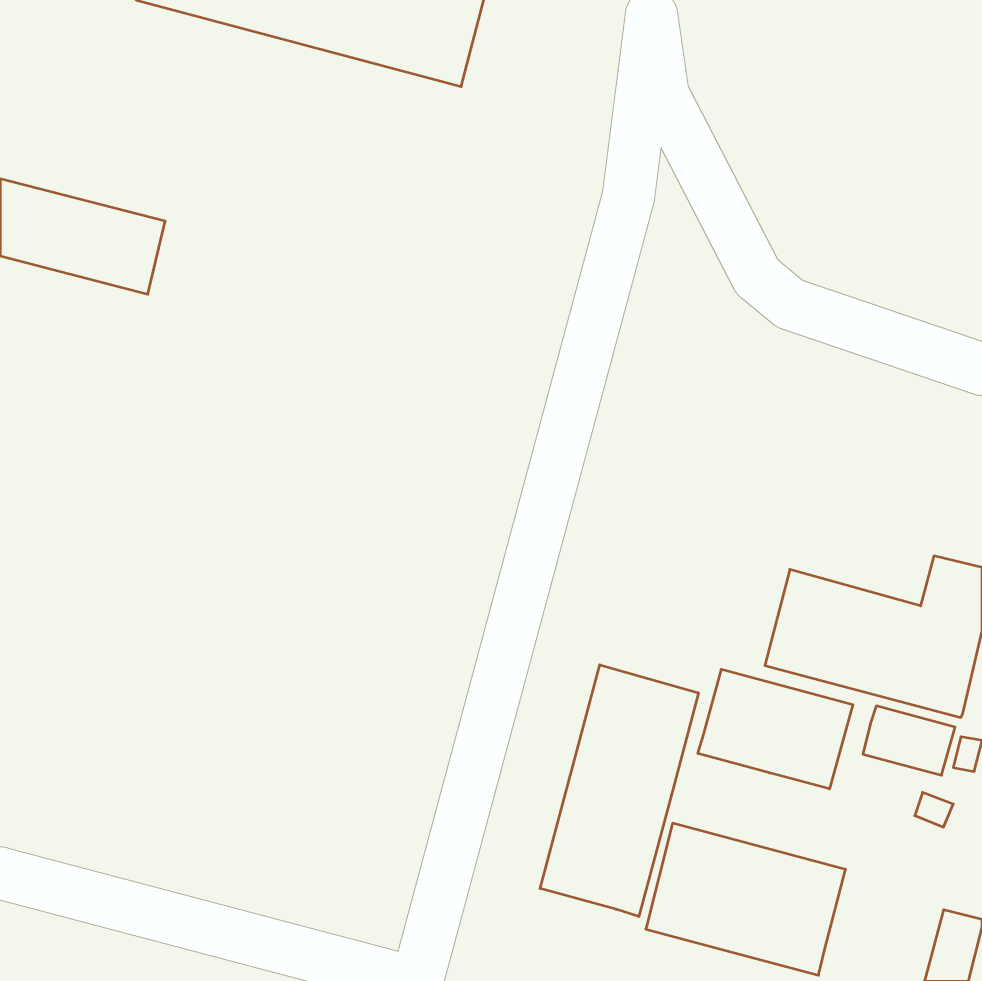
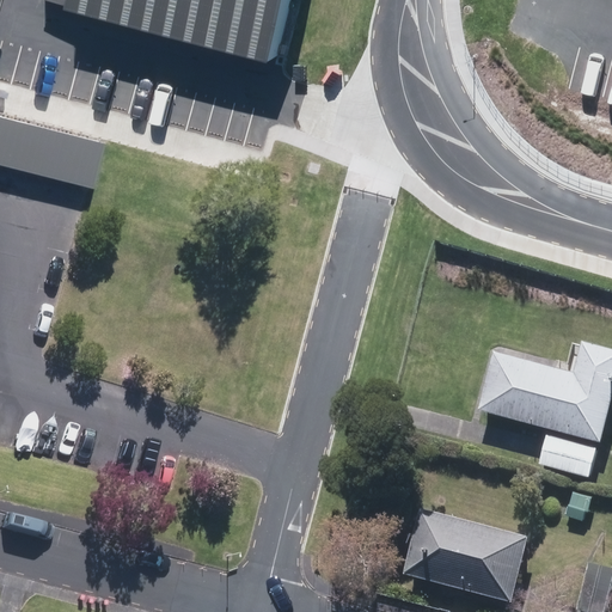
building: [540,665,698,917] -> none
building: [698,669,853,789] -> none

